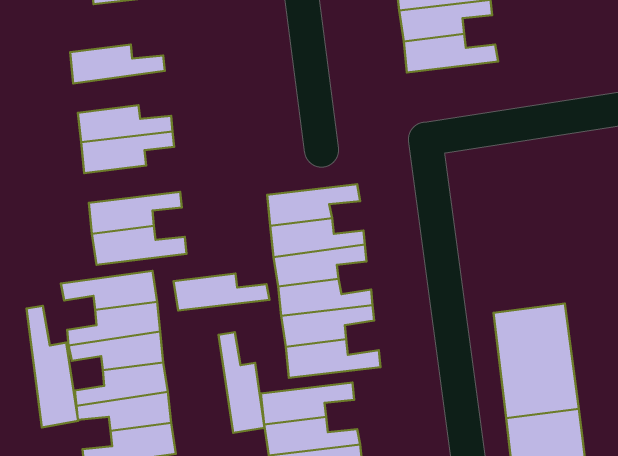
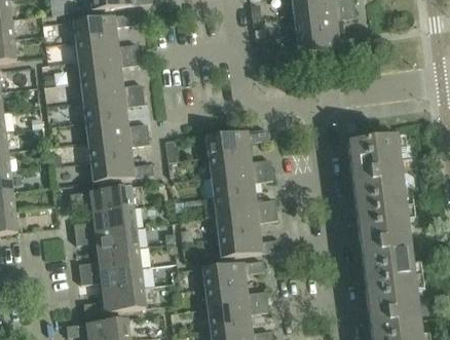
building: none -> [73,11,135,40]
building: none -> [78,52,140,80]
building: none -> [347,136,404,213]
building: [173,273,270,311] -> [85,115,149,140]
building: [26,306,78,427] -> none
building: [218,332,265,433] -> none

